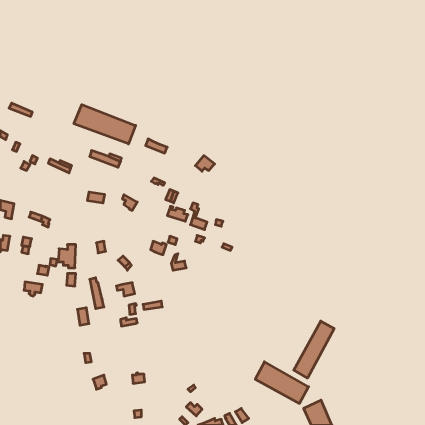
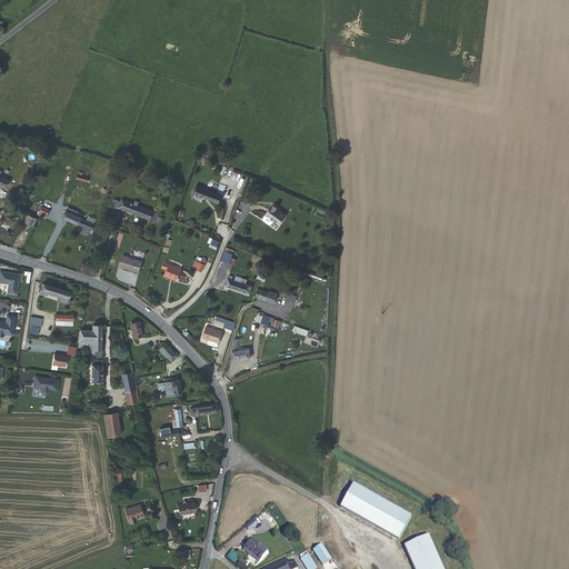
building: [74,105,136,144] -> none
building: [294,321,334,378] -> none

